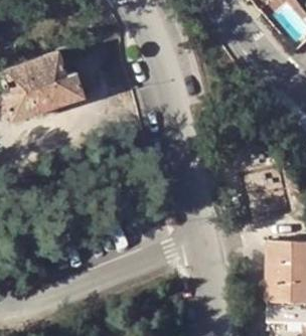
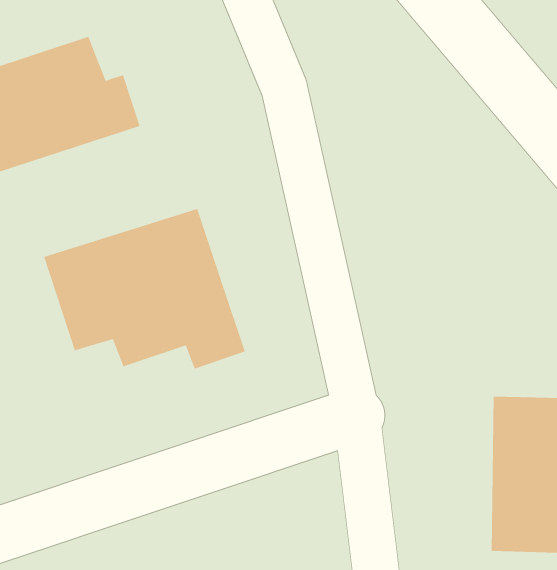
building: none -> [43,208,245,369]

